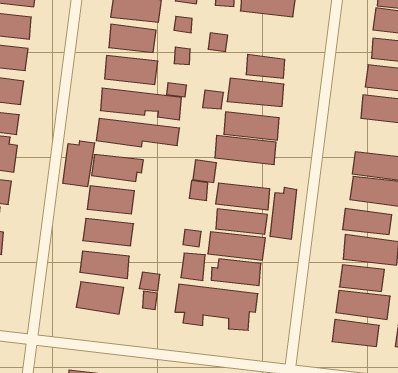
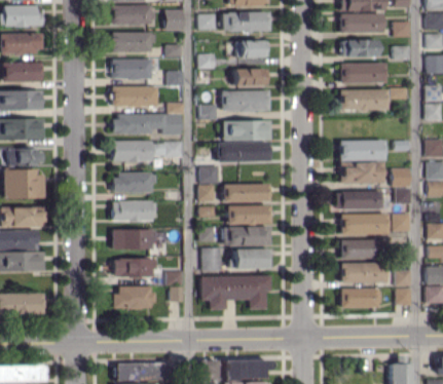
building: none -> [234,40,267,57]
building: [63,141,95,187] -> none
building: [270,187,296,239] -> none

